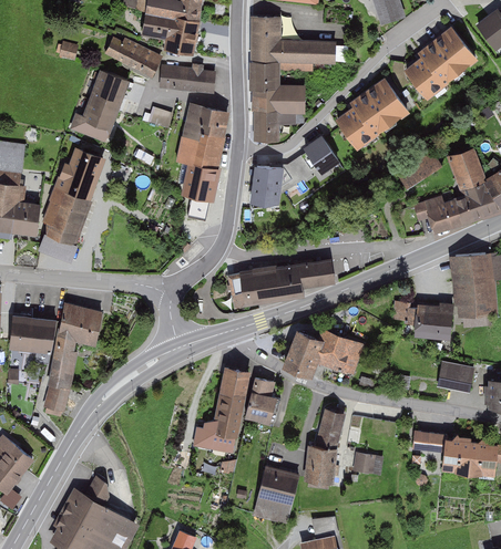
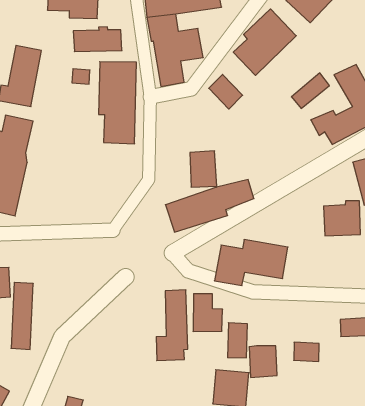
building: [104,37,163,81] -> none
building: [252,167,284,209] -> [190,151,217,187]
building: [55,302,102,345] -> none
building: [316,408,344,450] -> [228,323,247,358]

